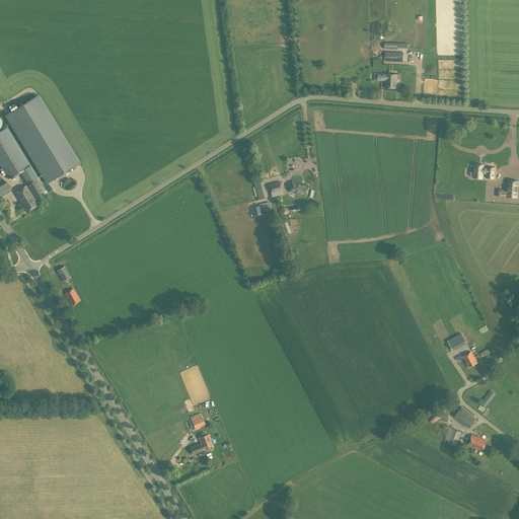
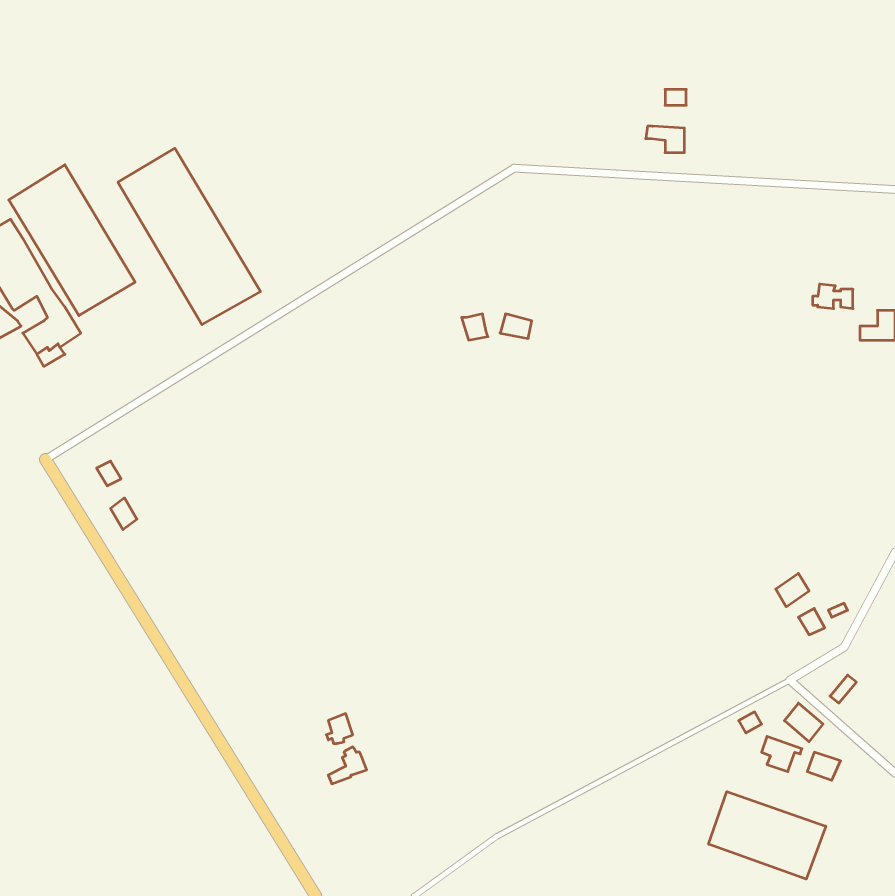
building: none -> [118,148,260,325]
building: none -> [709,792,826,879]

